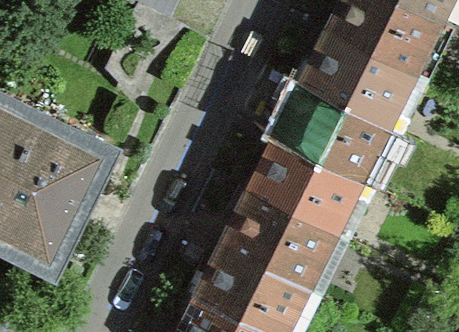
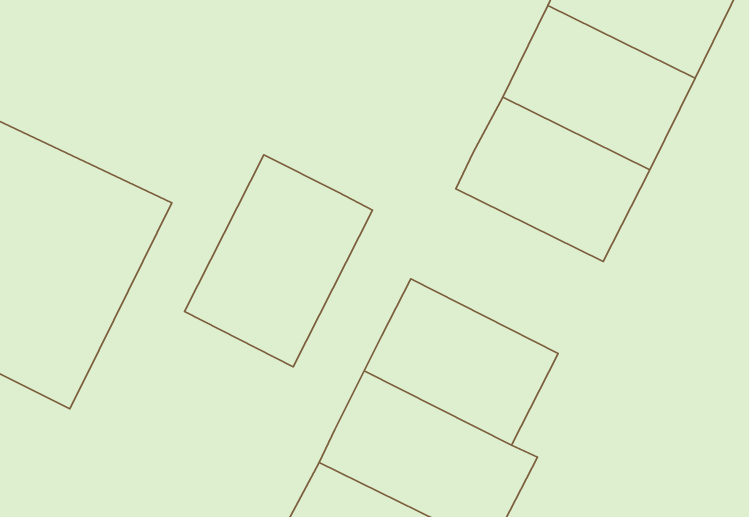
building: none -> [184,155,373,367]
building: [247,139,358,234] -> none

